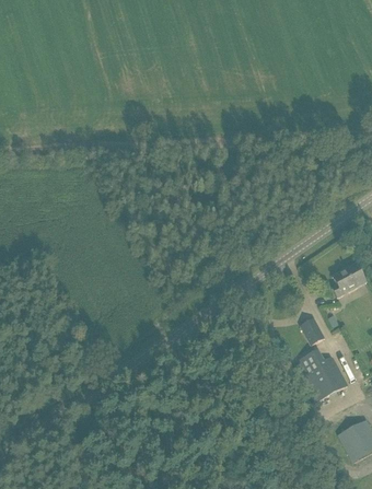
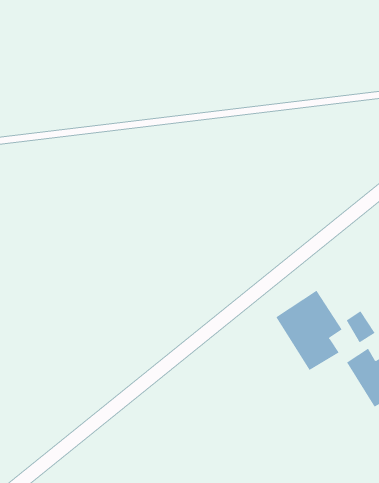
building: none -> [276,290,342,371]

